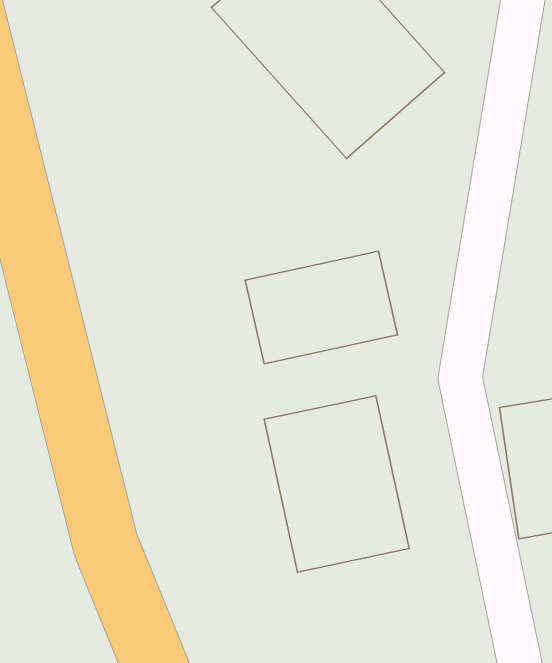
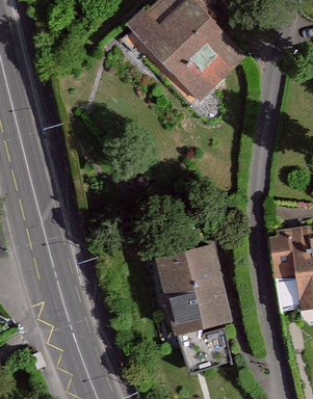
building: [245,251,397,364] -> none

